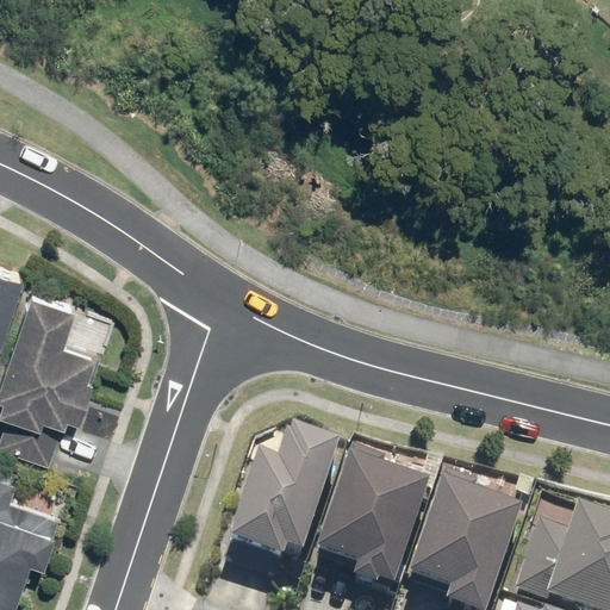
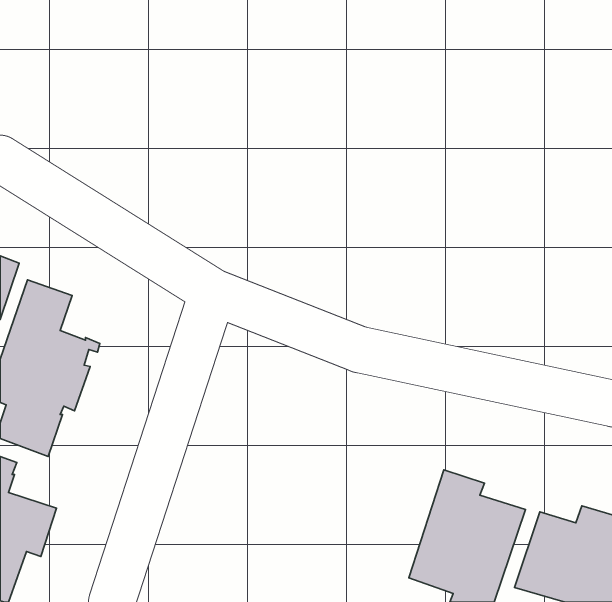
building: [224,430,338,572] -> none
building: [316,442,427,587] -> none

